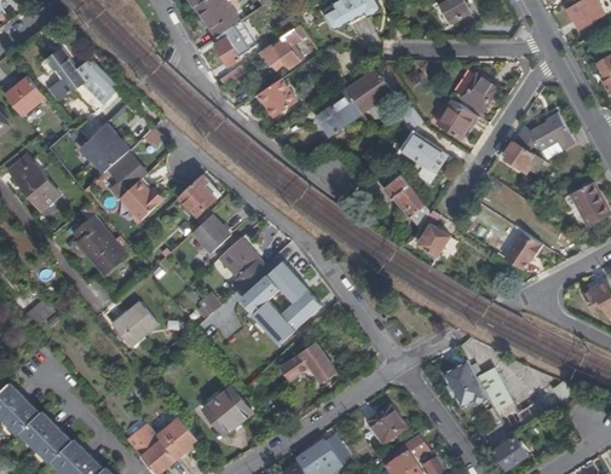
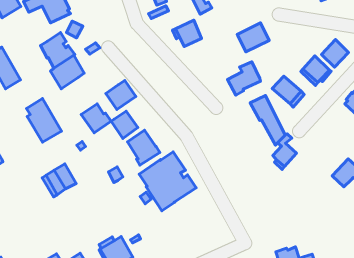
building: [316,88,361,137] -> [228,62,260,95]
building: [119,180,161,220] -> [81,104,111,133]
building: [283,342,336,381] -> none

